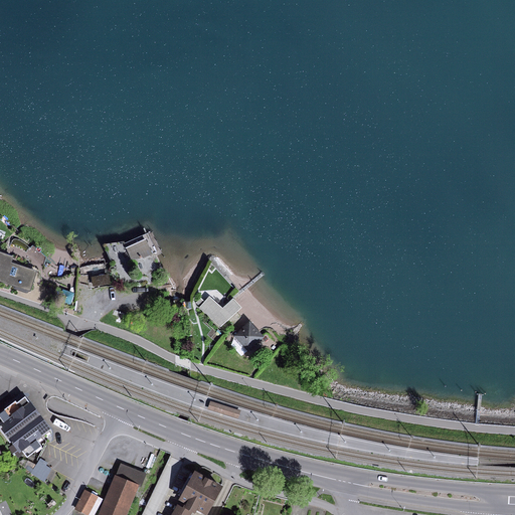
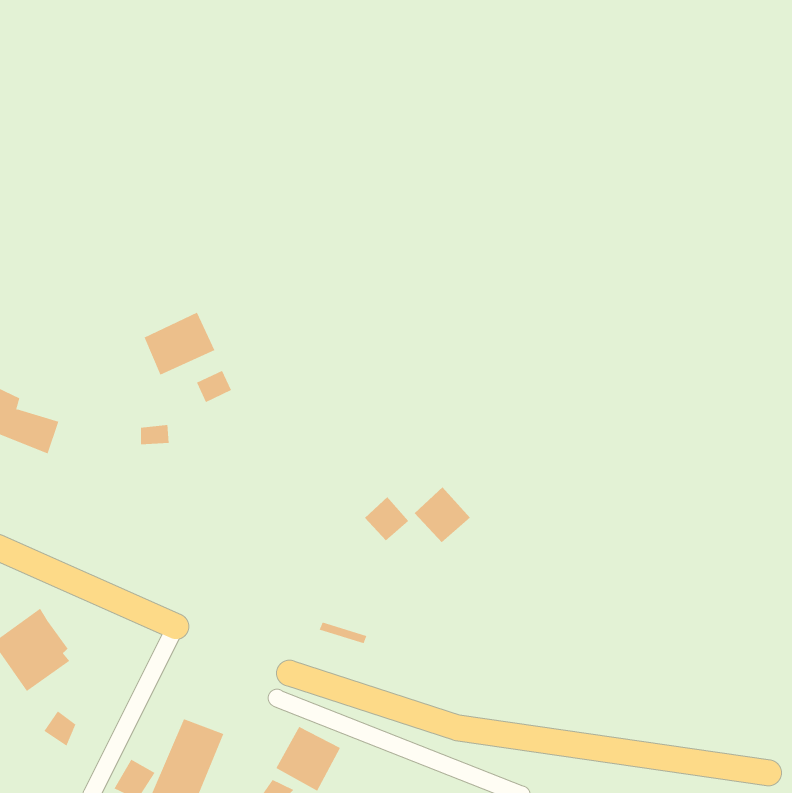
building: none -> [144,312,215,376]
building: [197,295,241,328] -> none
building: none -> [414,487,471,543]

